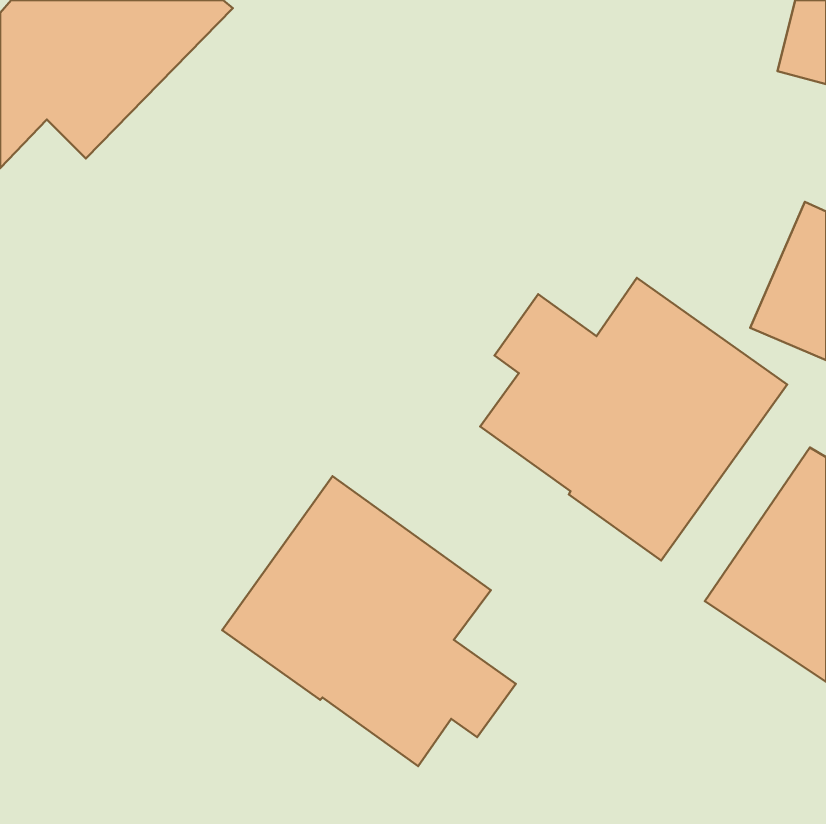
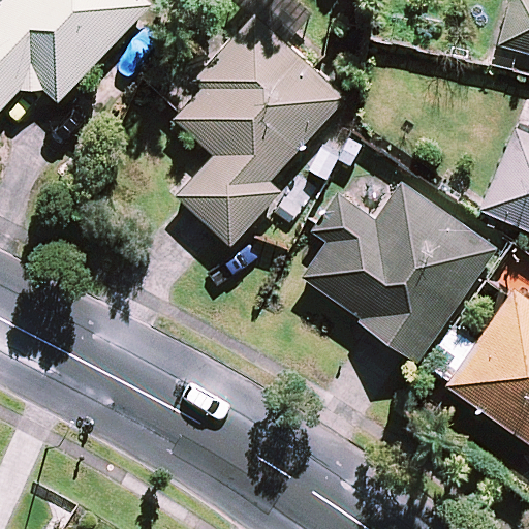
building: none -> [161,12,344,246]
building: [222,476,516,766] -> none

